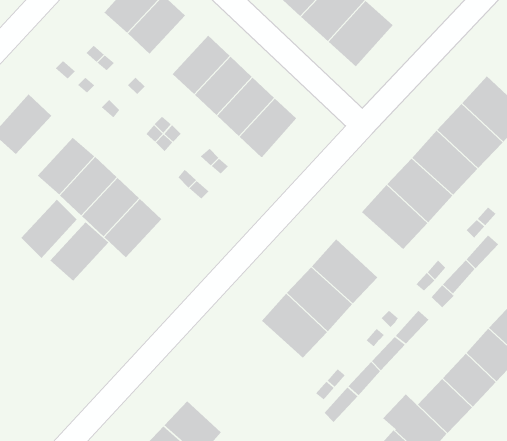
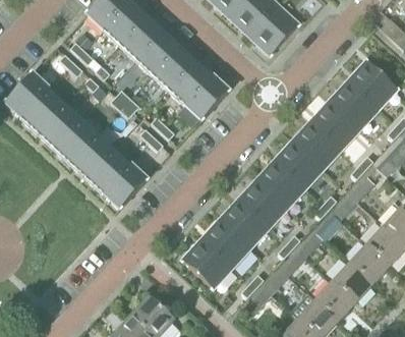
building: none -> [120,15,163,58]
building: [20,199,78,259] -> [22,89,64,132]
building: none -> [256,159,305,207]
building: [49,222,109,282] -> [103,164,147,208]
building: none -> [182,238,232,286]

